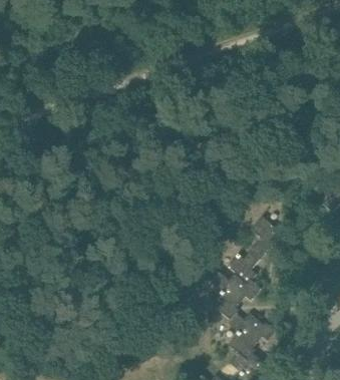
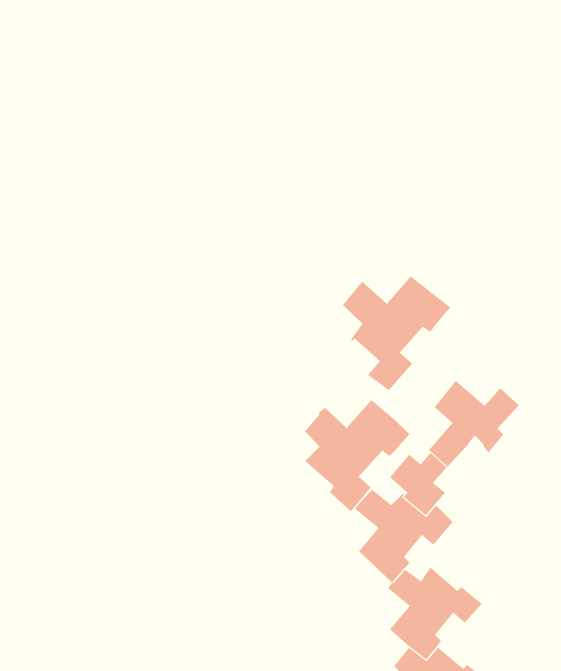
building: none -> [342,275,450,391]
building: none -> [304,399,410,512]

